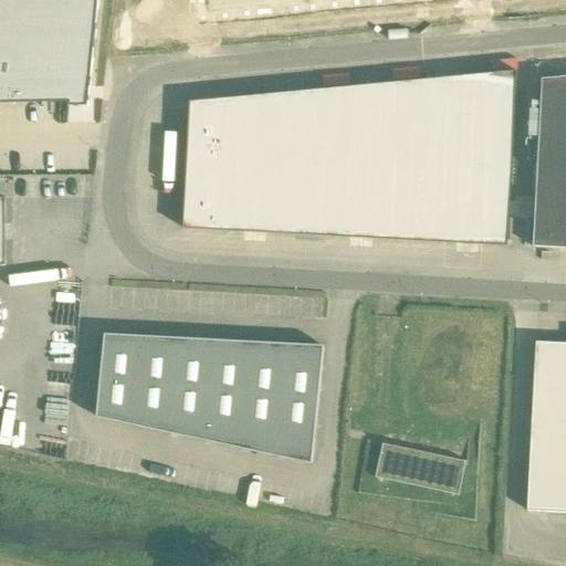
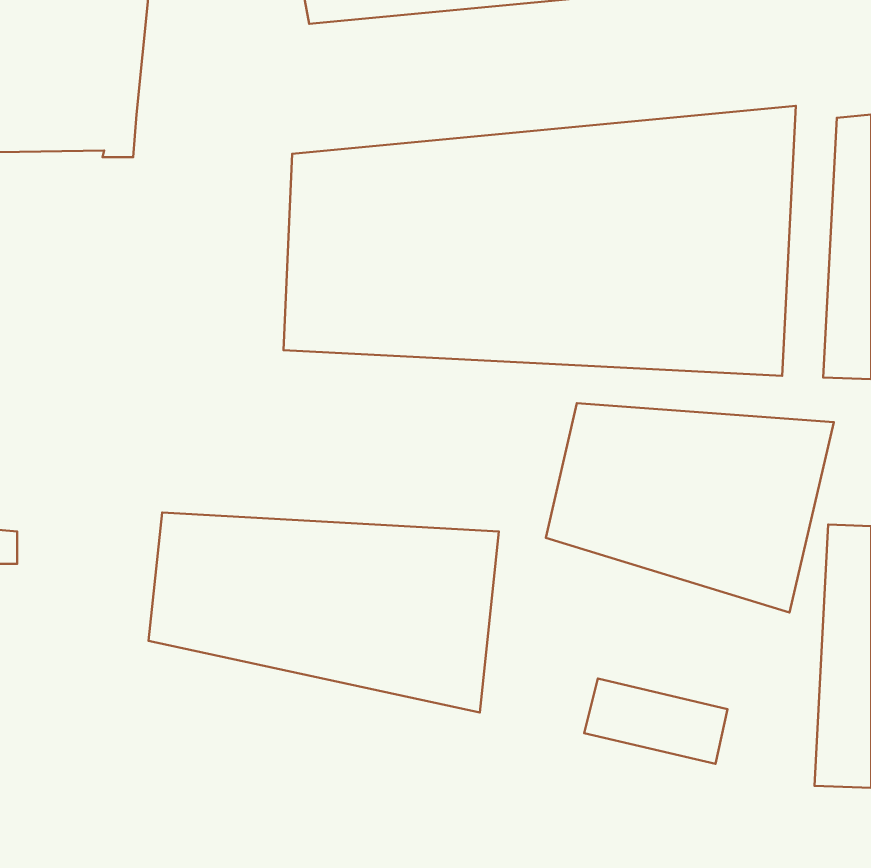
building: none -> [546,403,834,612]

